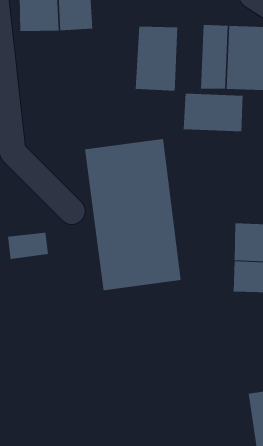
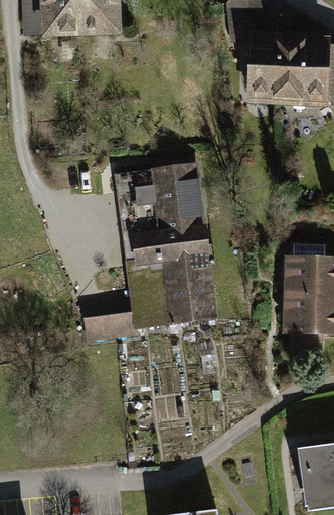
building: [135,26,178,92] -> none
building: [183,93,243,132] -> none
building: [7,232,49,259] -> [85,308,132,339]

